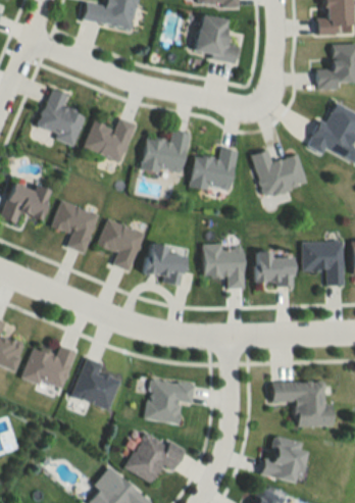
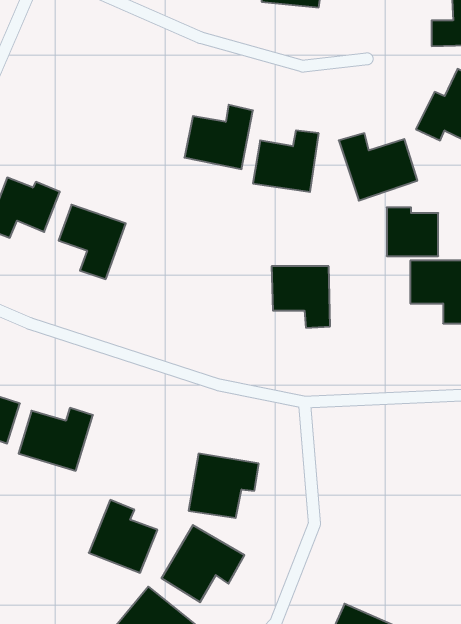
building: [36,88,86,144] -> none
building: [84,117,136,162] -> none
building: [98,219,144,269] -> none
building: [144,242,187,285] -> none
building: [256,250,293,285] -> [387,207,438,256]
building: [71,356,120,408] -> [89,500,157,573]
building: [271,381,333,426] -> none
building: [261,436,306,483] -> none

